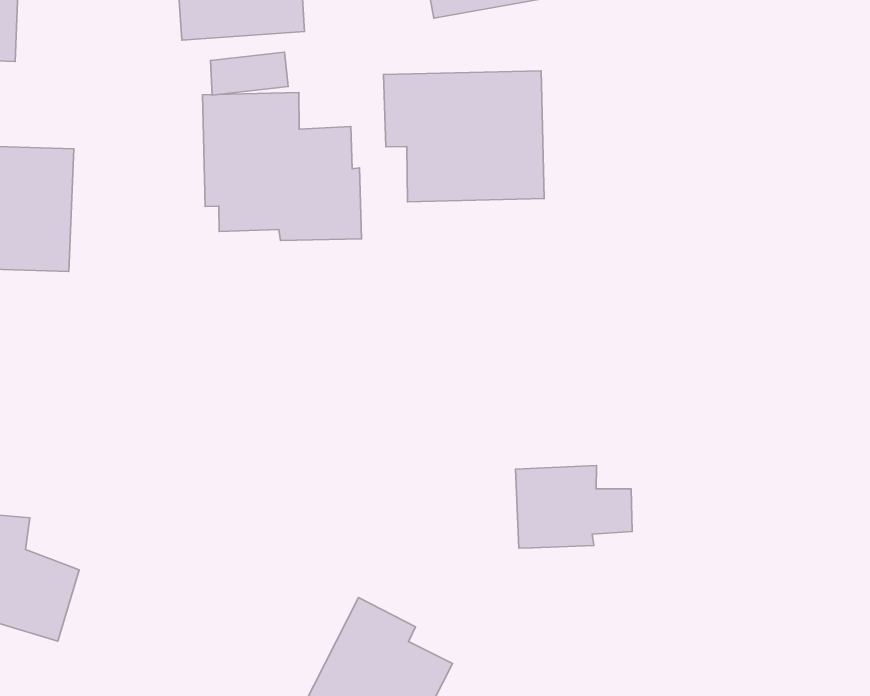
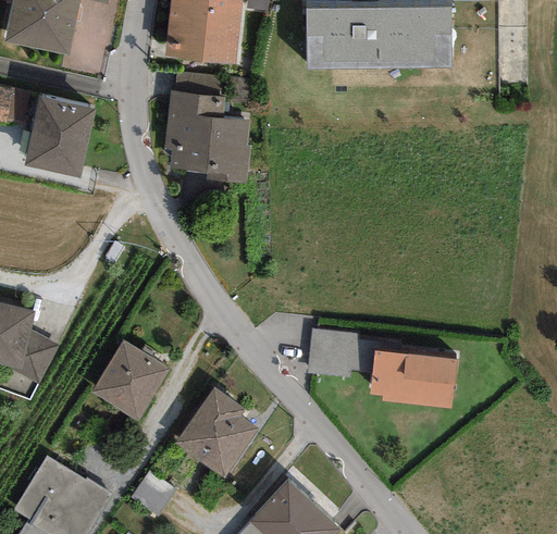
building: [383,71,544,202] -> none
building: none -> [370,349,458,408]
building: none -> [89,339,170,421]

